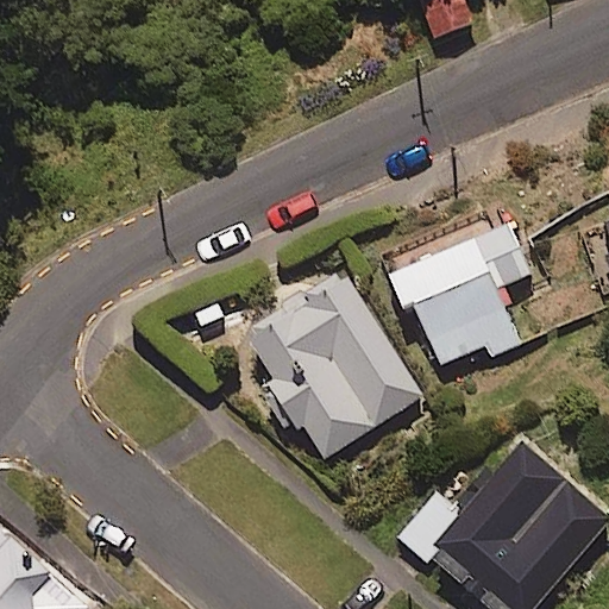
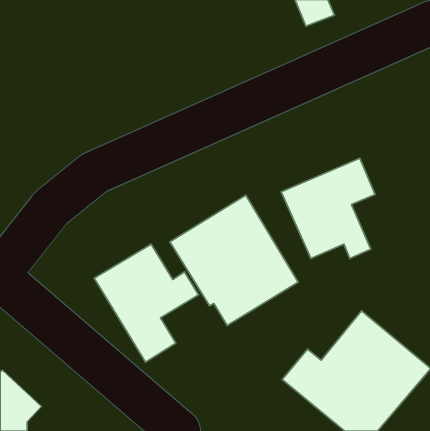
building: none -> [94,244,198,362]

